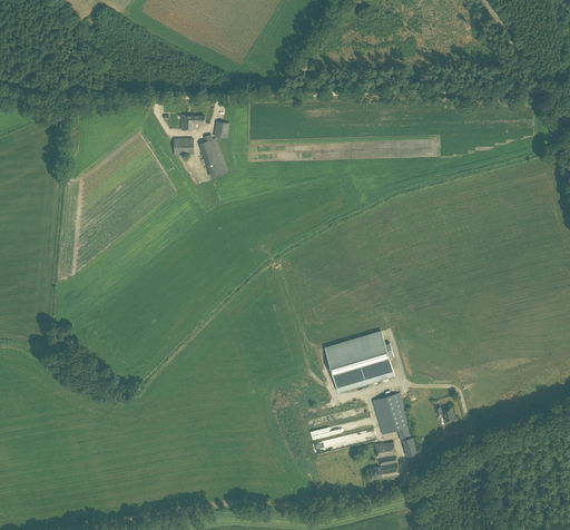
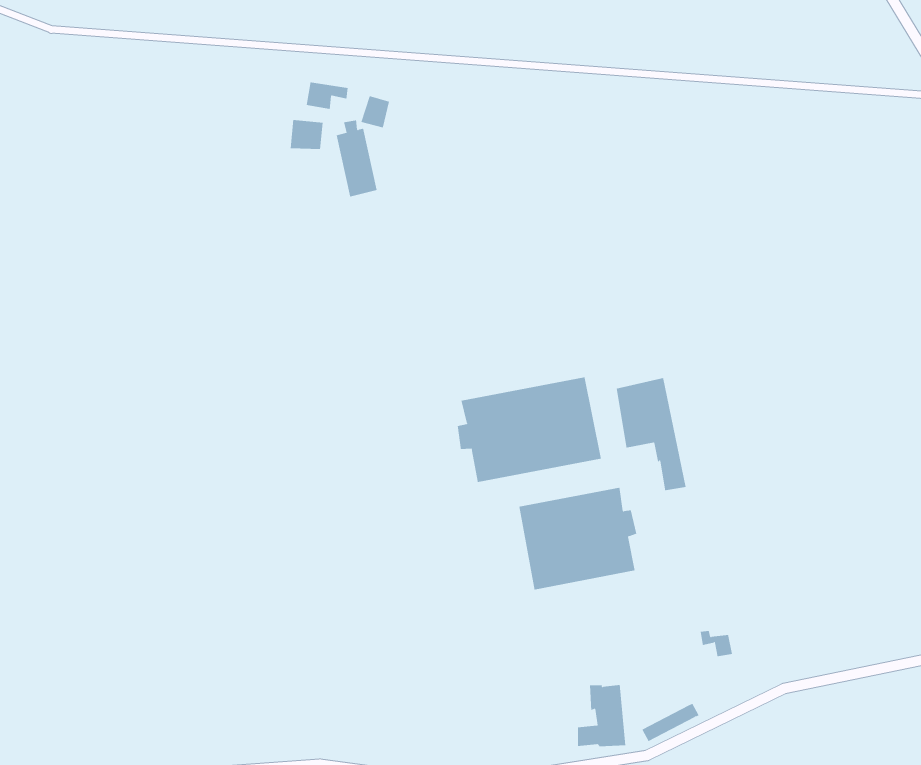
building: none -> [457,376,601,483]
building: [372,391,417,455] -> [616,378,686,491]

